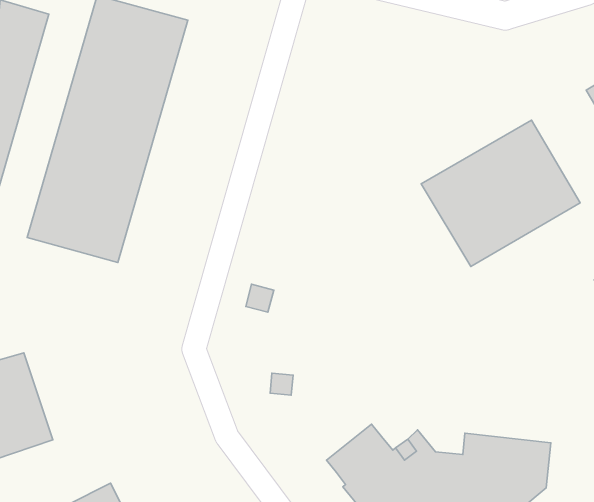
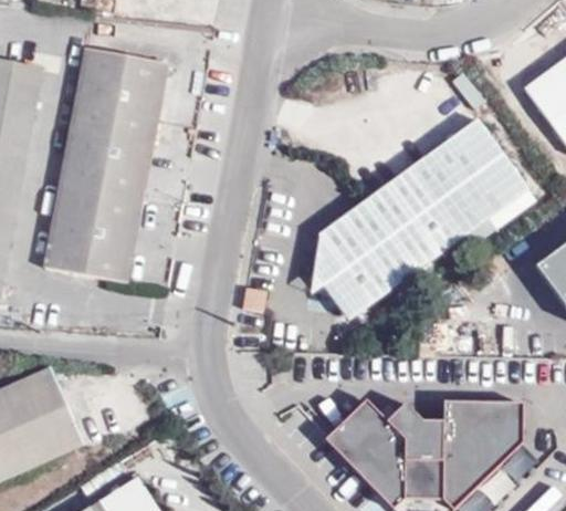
building: none -> [310,185,437,319]

